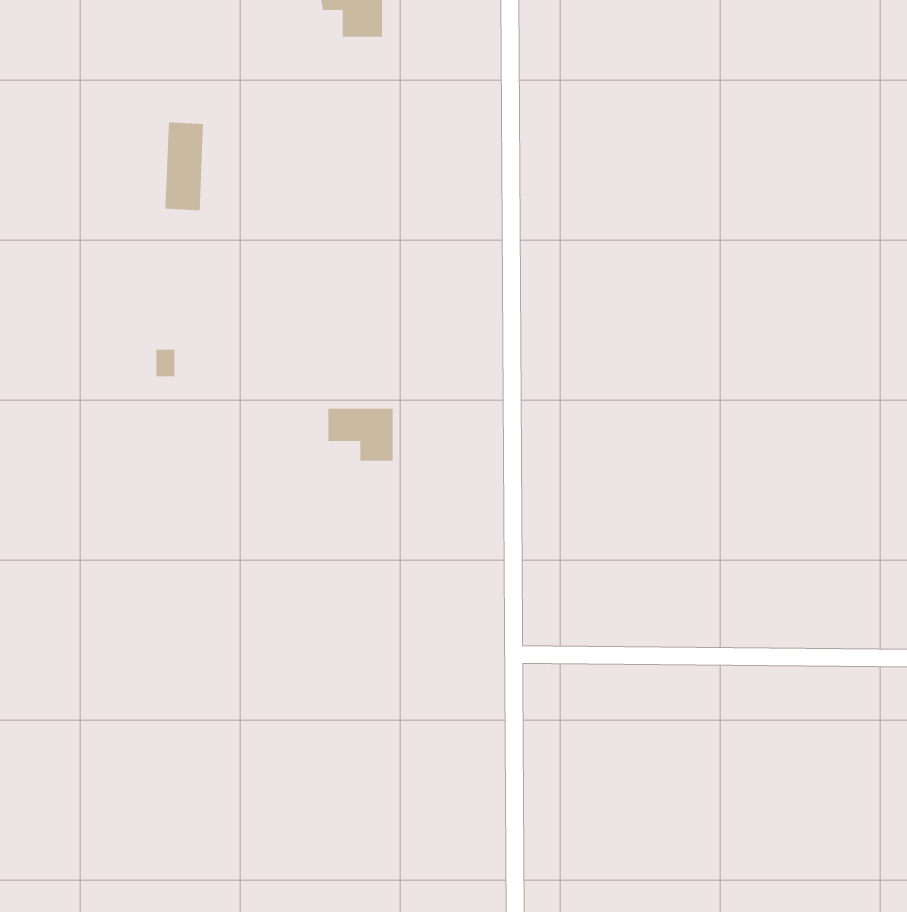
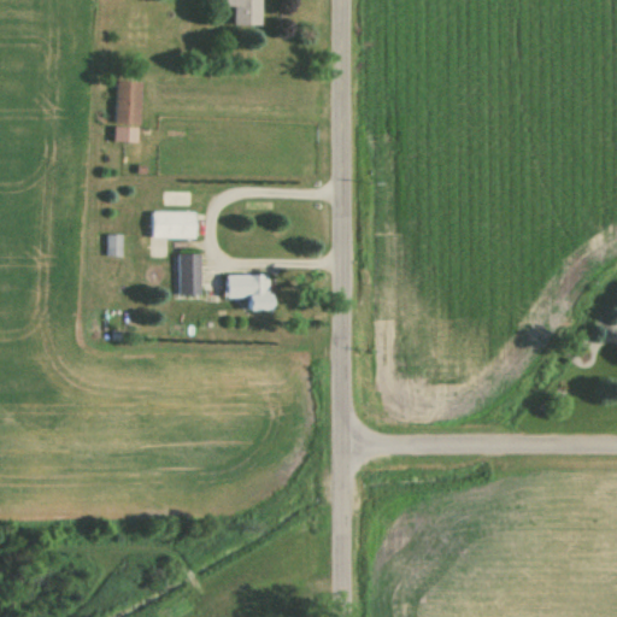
building: none -> [153,212,196,237]
building: none -> [180,254,201,295]

